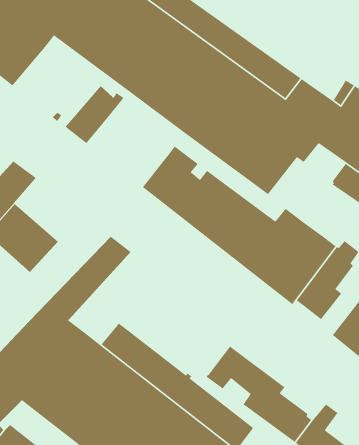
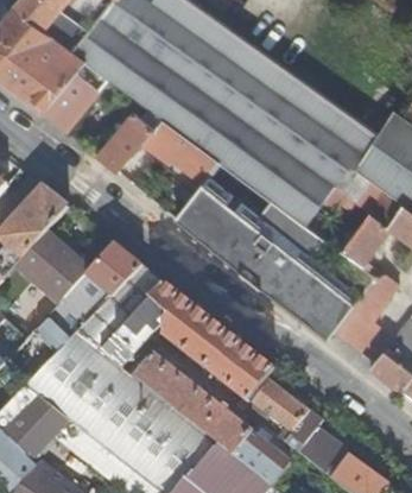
building: none -> [42,71,97,129]
building: none -> [141,118,218,182]
building: none -> [341,213,392,267]
building: none -> [34,244,142,353]
building: none -> [100,282,273,407]

